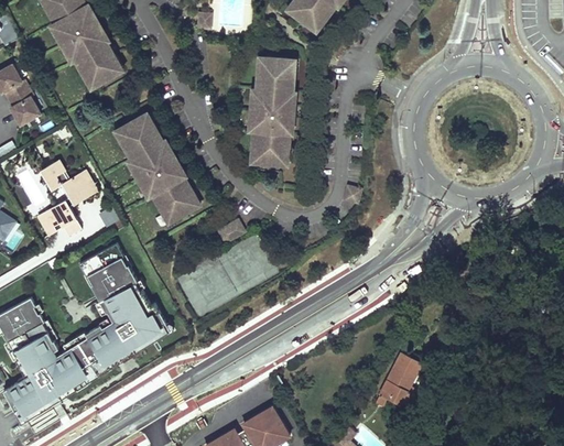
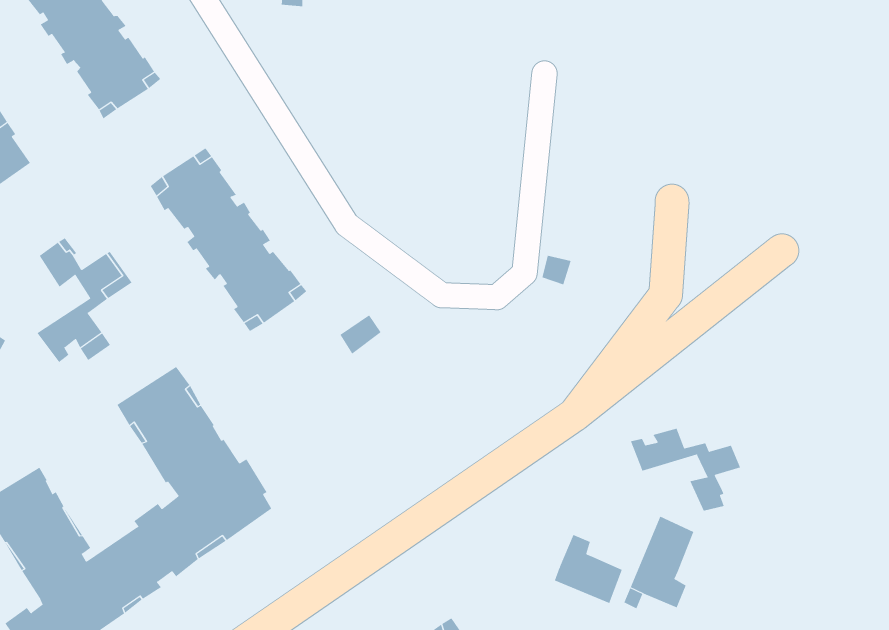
building: [245,61,295,168] -> none
building: none -> [630,428,741,512]
building: none -> [554,534,623,604]

